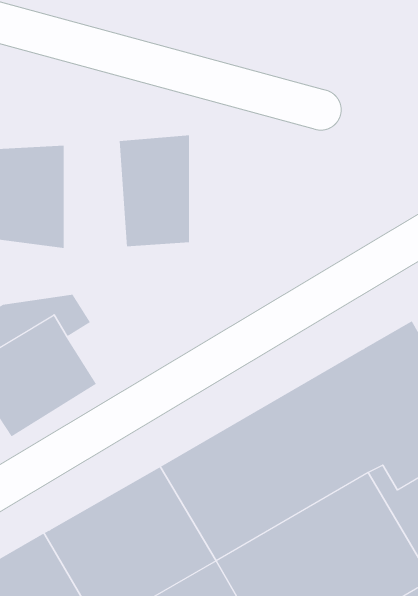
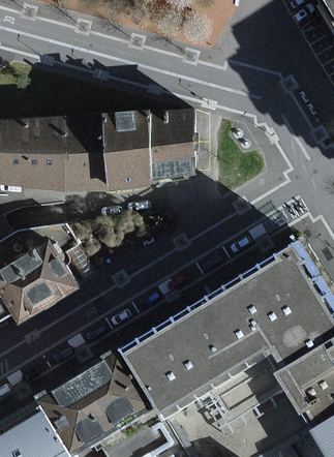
building: none -> [149,112,192,188]
building: none -> [61,117,104,192]

